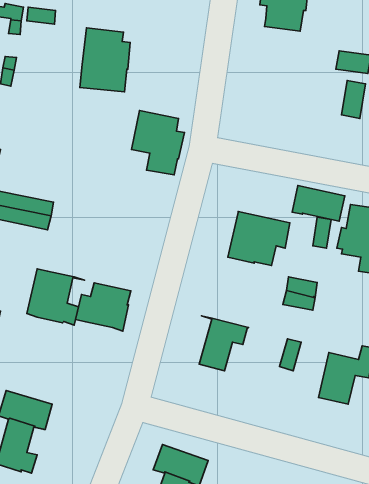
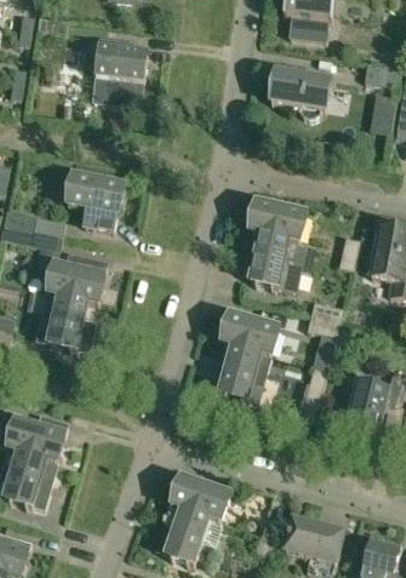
building: none -> [270,64,331,116]
building: [132,111,184,175] -> [68,161,124,229]
building: [292,186,345,221] -> [250,201,305,239]
building: [76,283,131,331] -> [48,252,107,303]
building: none -> [222,314,278,353]

